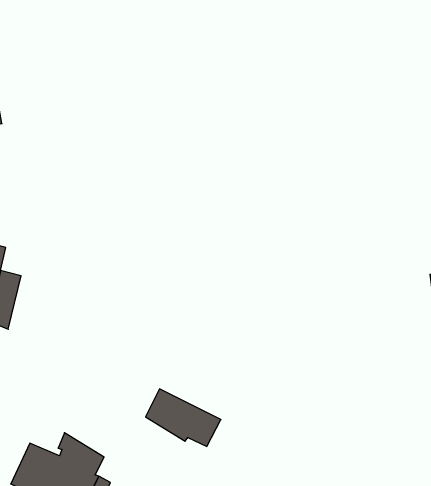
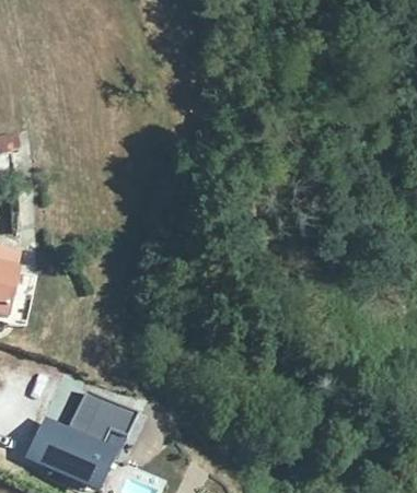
building: [146,389,221,446] -> [71,388,136,437]

